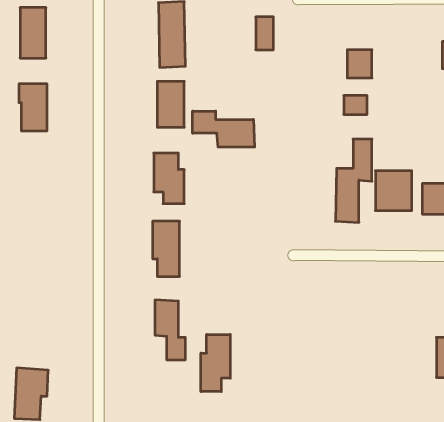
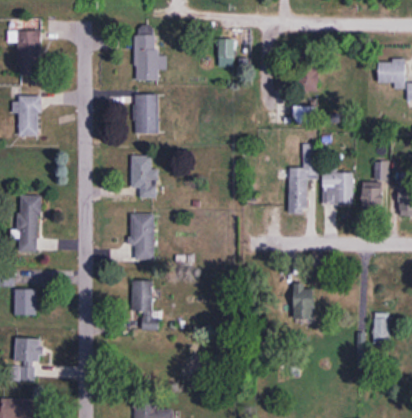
building: [193,111,255,147] -> none
building: none -> [19,195,40,252]
building: none -> [294,287,313,320]
building: none -> [15,289,37,316]
building: [201,334,230,392] -> none

